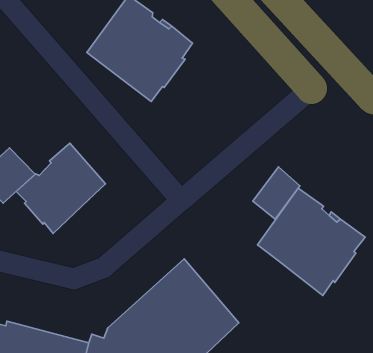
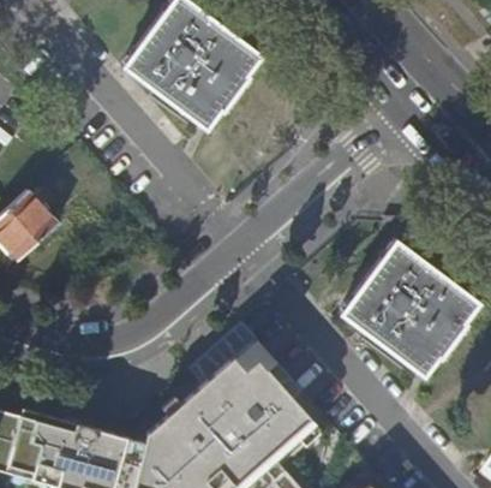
building: [16,143,105,233] -> none
building: [253,167,300,219] -> none

